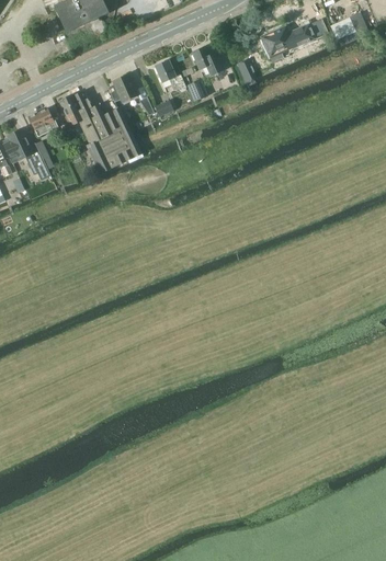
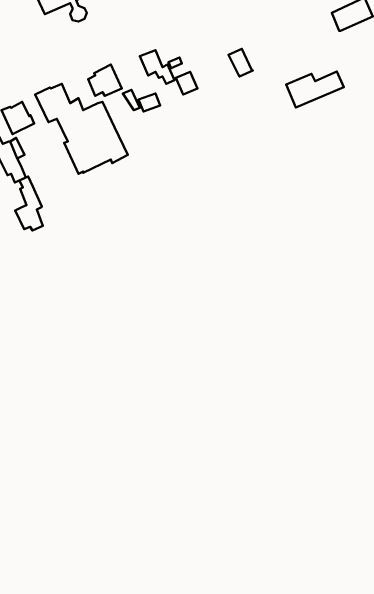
building: [262,25,315,58] -> [286,71,344,107]
building: [192,47,225,77] -> none
building: none -> [15,177,43,230]

